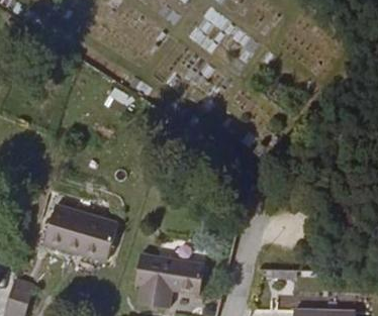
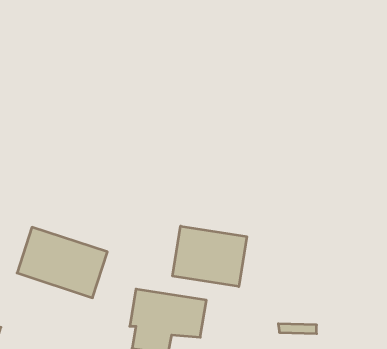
building: none -> [173,226,247,287]

